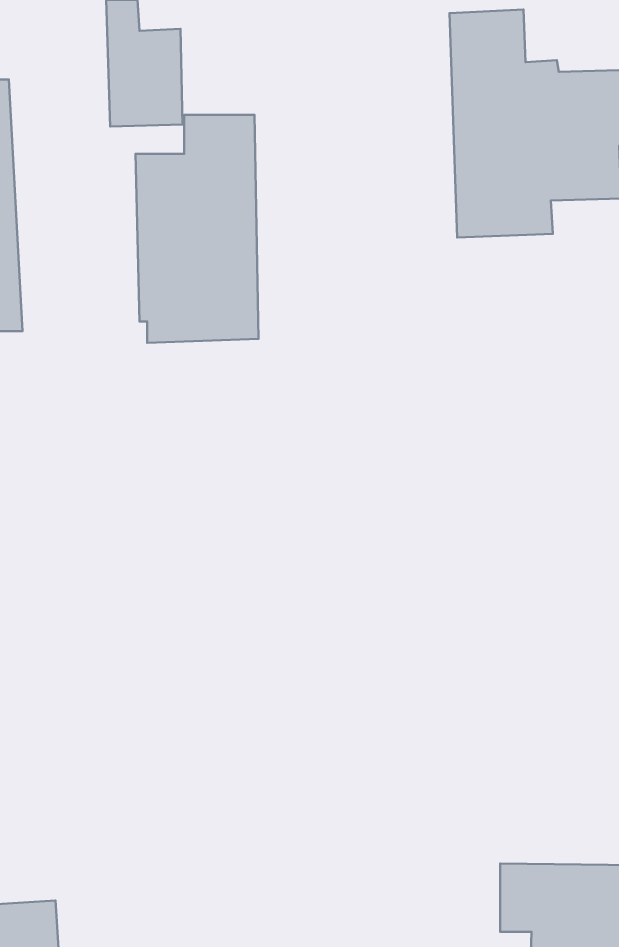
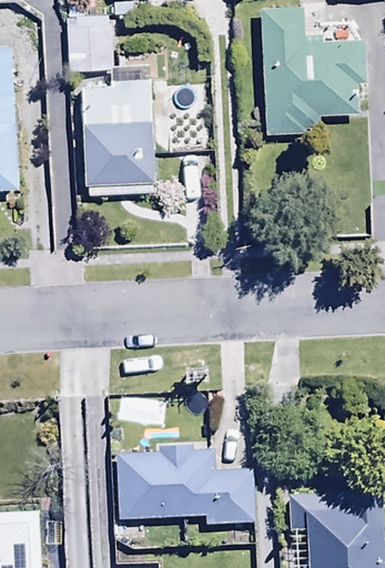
building: none -> [115,440,253,528]

